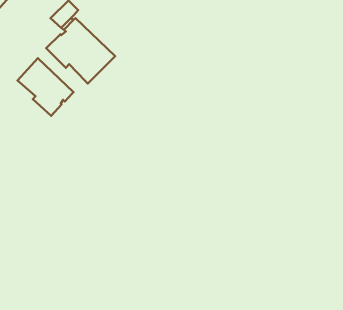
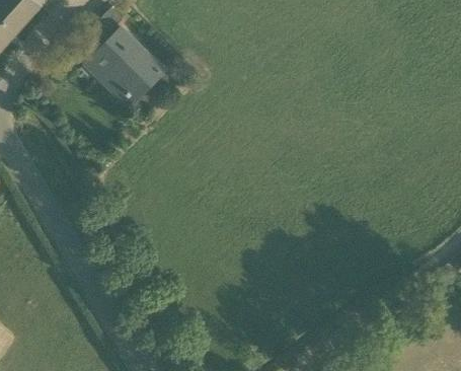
building: [17,58,73,116] -> none

